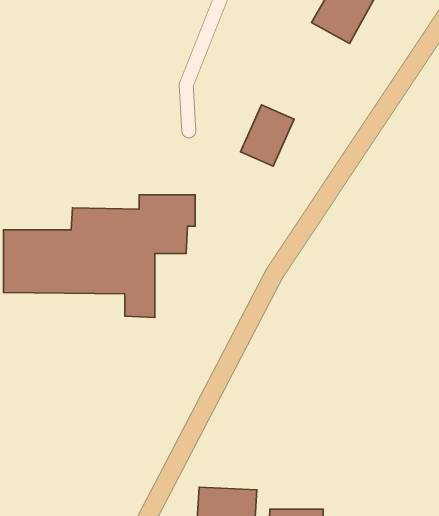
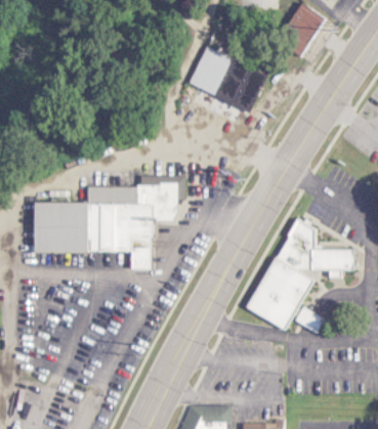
building: [241,105,294,166] -> [190,47,232,95]
building: none -> [248,217,354,332]

